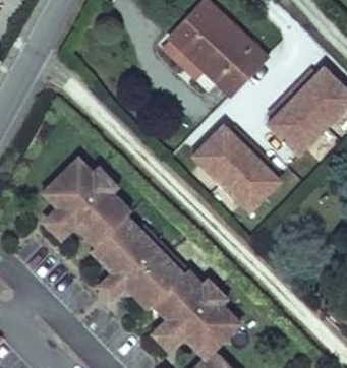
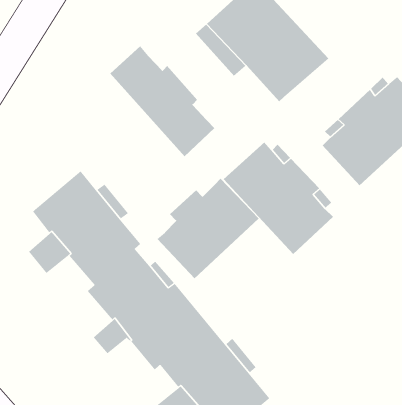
building: none -> [109,46,215,157]
building: none -> [157,178,259,279]

